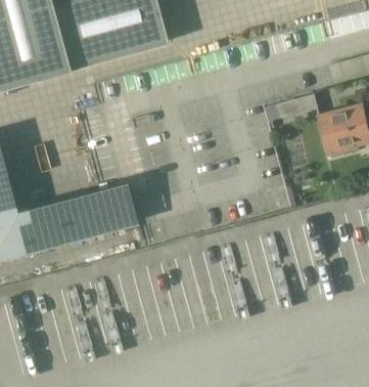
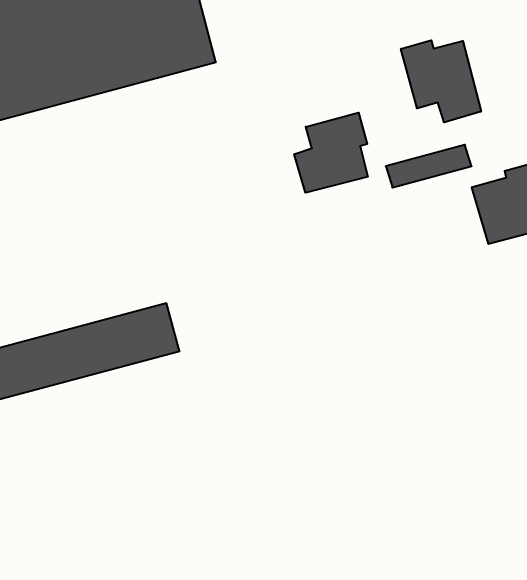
building: none -> [401,40,481,122]
building: none -> [294,113,368,193]

